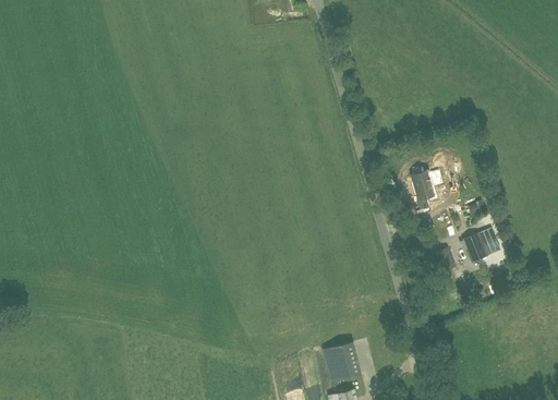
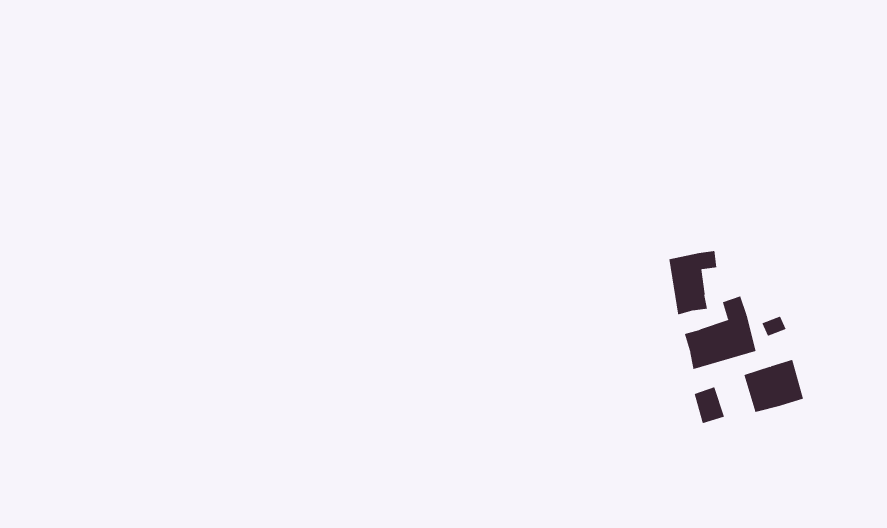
building: none -> [684,296,756,370]

